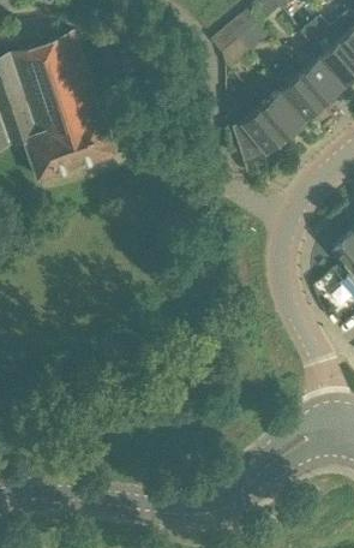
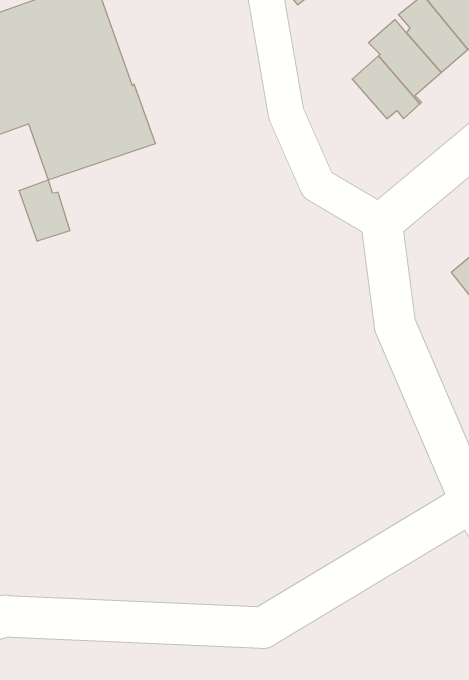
building: [232,108,284,173] -> none
building: none -> [19,180,70,241]

